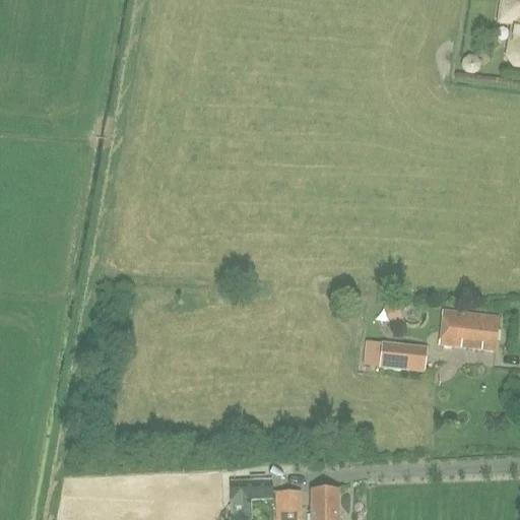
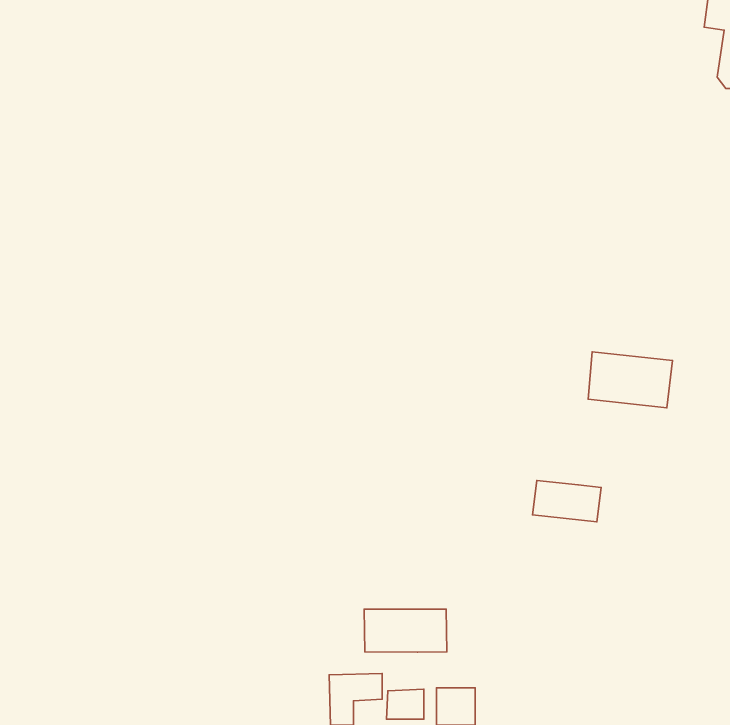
building: [440,309,500,348] -> [588,352,672,408]
building: none -> [364,609,447,652]

